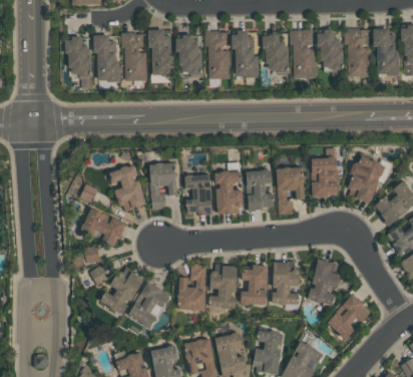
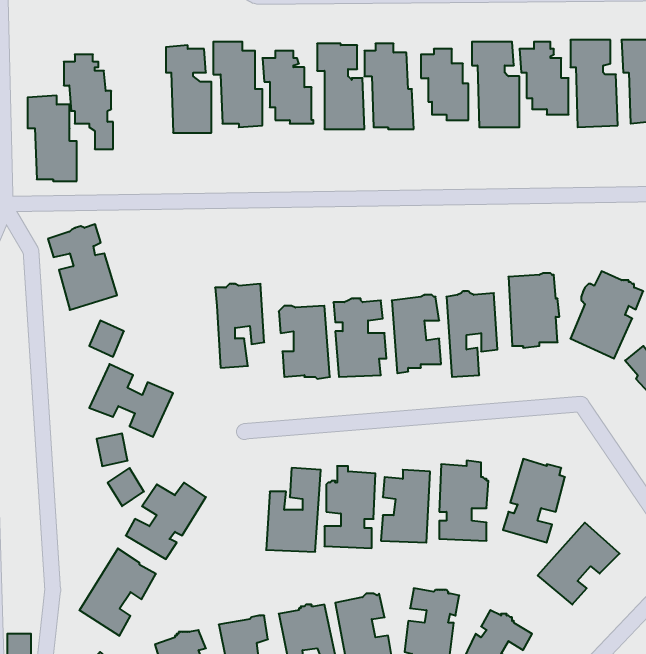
building: [93,34,120,81] -> [28,96,77,181]
building: [107,164,145,212] -> [48,224,117,310]
building: [127,280,169,328] -> [79,548,156,636]

